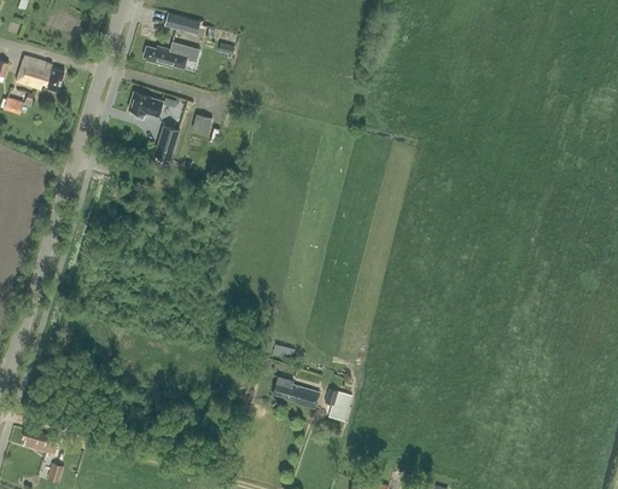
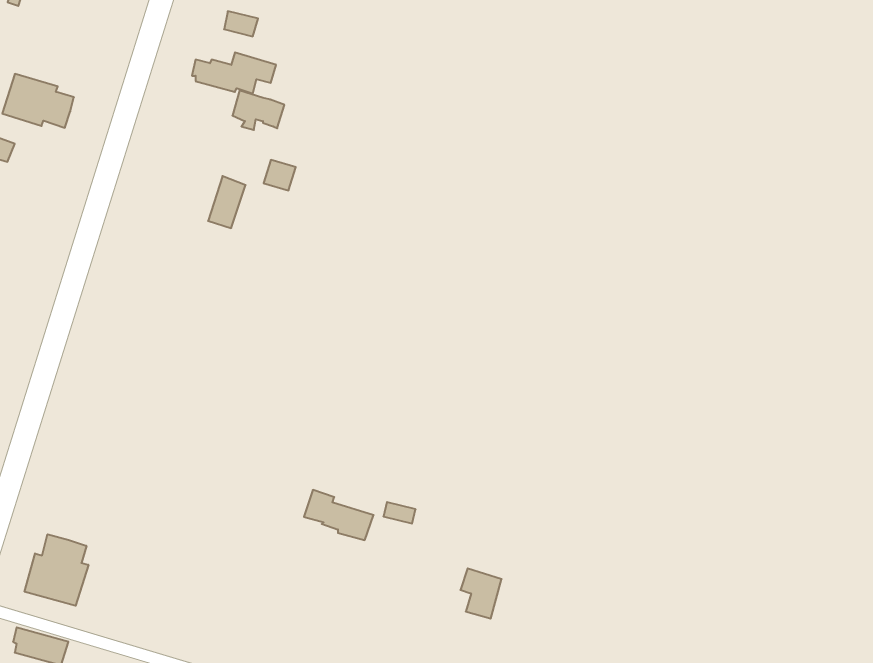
building: [129,92,164,118] -> [232,91,284,130]
building: none -> [25,534,88,606]
building: [273,376,320,409] -> [304,490,374,540]

